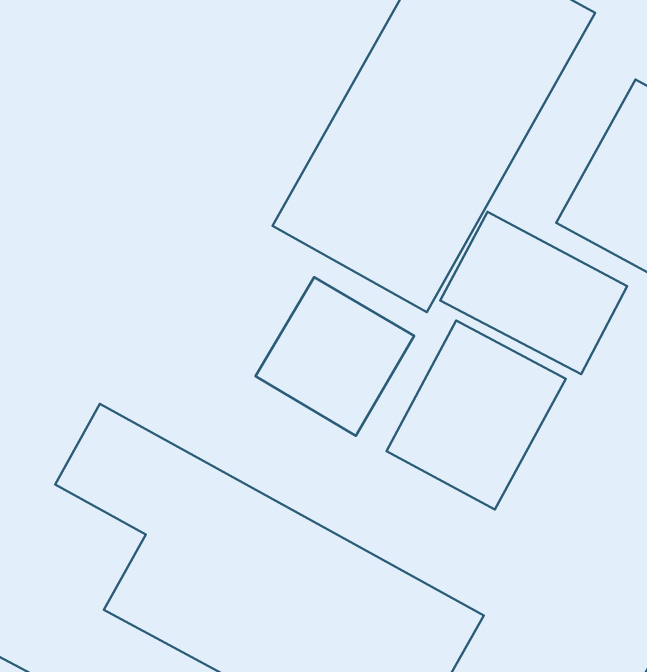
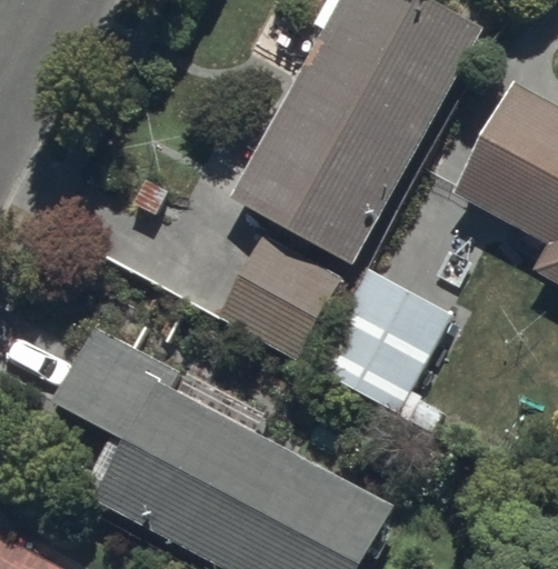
building: [440,212,627,374] -> none

